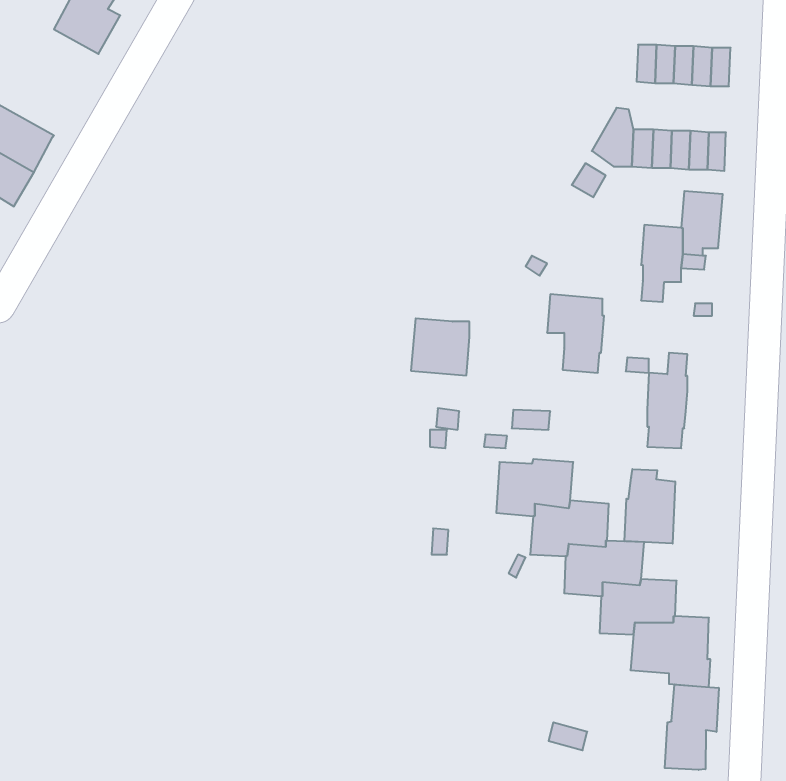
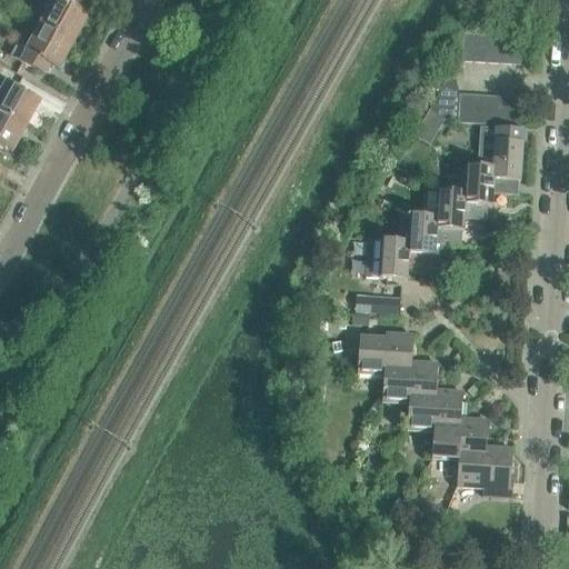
building: none -> [19,21,71,72]
building: [411,318,469,375] -> [365,238,407,279]
building: [647,353,687,448] -> [435,174,463,243]
building: [625,469,675,544] -> none
building: [665,684,719,770] -> none

